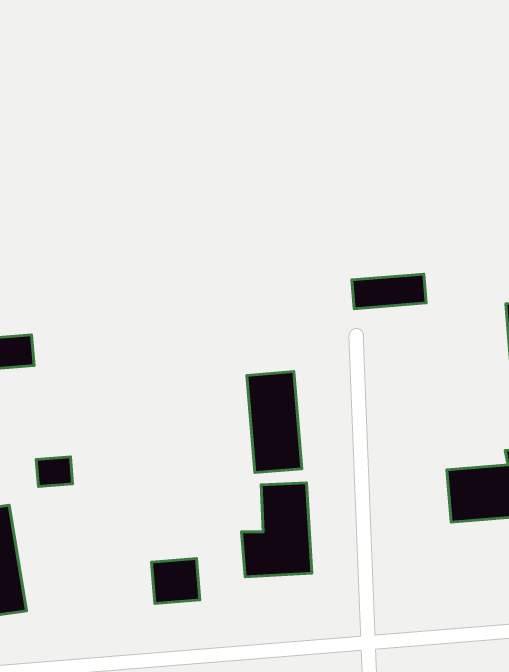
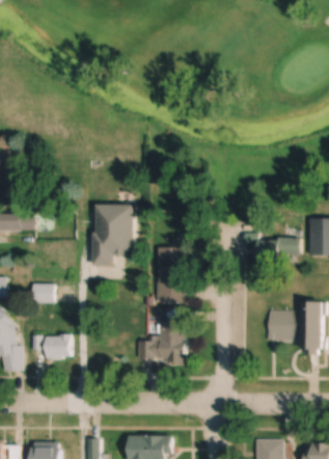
building: [352,274,426,309] -> [257,239,299,255]
building: none -> [93,206,134,266]
building: [151,558,200,604] -> [45,335,71,359]

